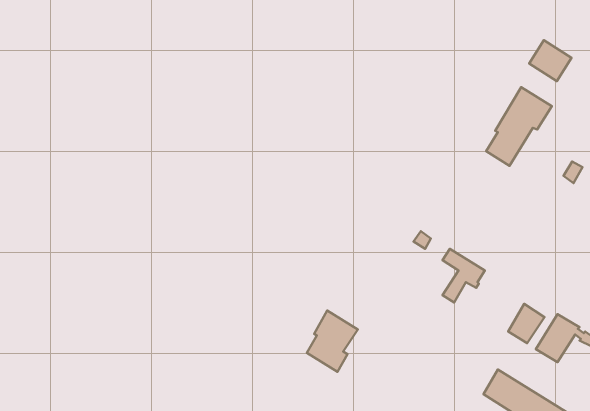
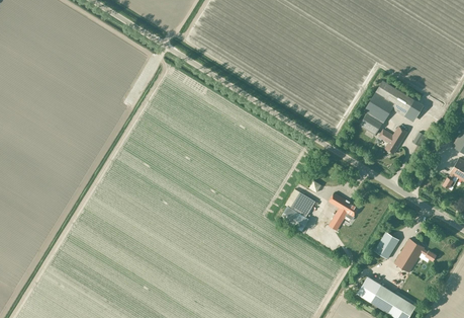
building: [529,40,571,81] -> [394,93,424,122]
building: none -> [378,127,407,154]
building: [307,311,358,372] -> [280,188,315,231]

